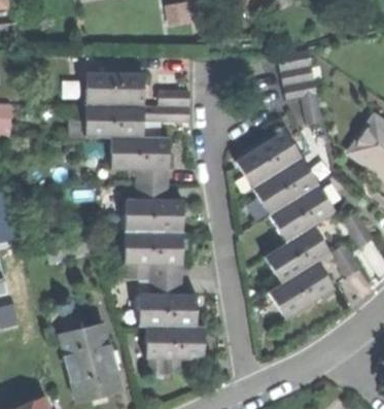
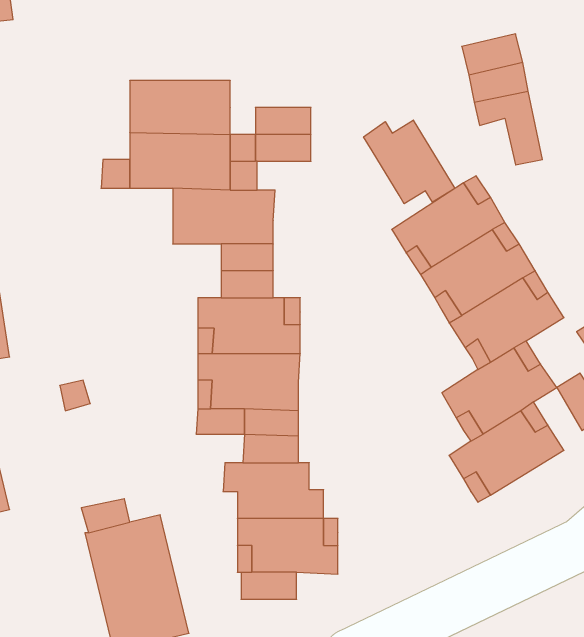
building: none -> [364,120,455,204]

